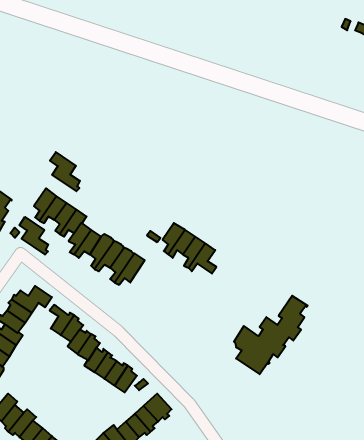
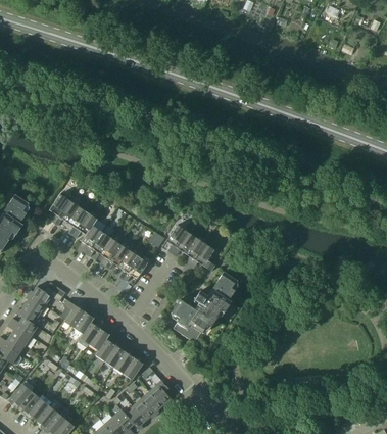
building: [50,152,80,191] -> none
building: [19,217,48,255] -> none
building: [234,296,308,374] -> [171,272,238,343]

